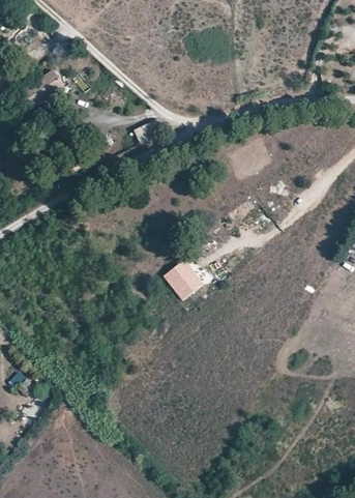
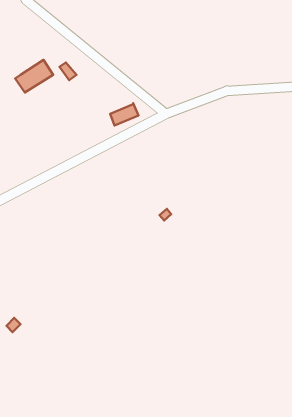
building: [164,261,203,301] -> none

